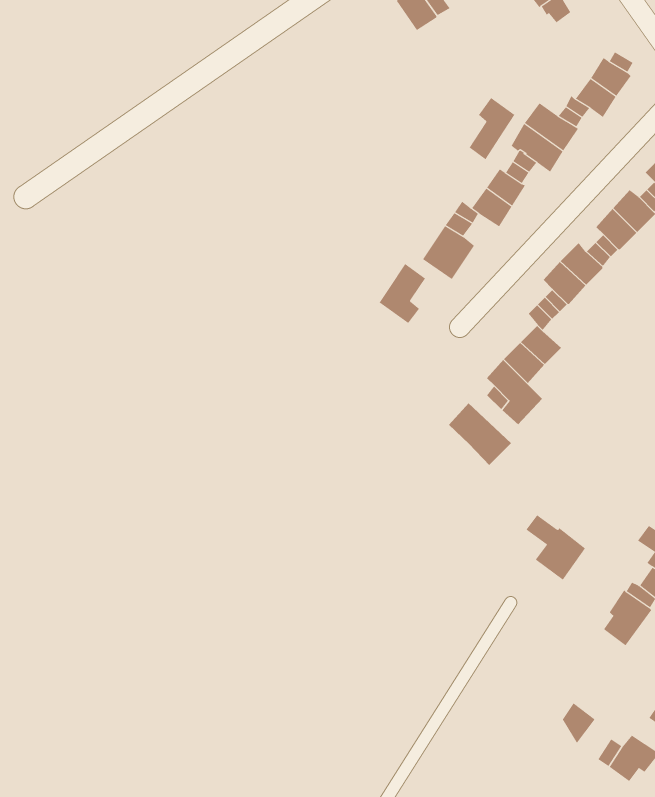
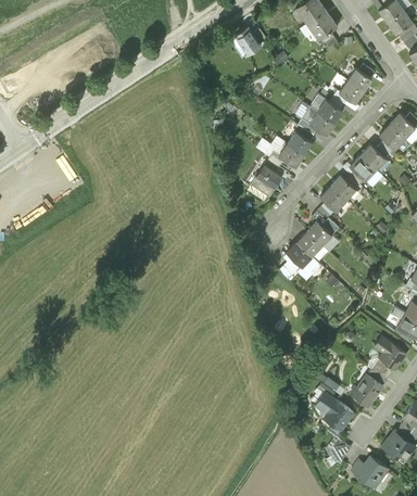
building: [469,97,515,160] -> none
building: [379,263,426,324] -> none
building: [448,402,512,466] -> none
building: [525,514,586,580] -> [318,393,353,431]

